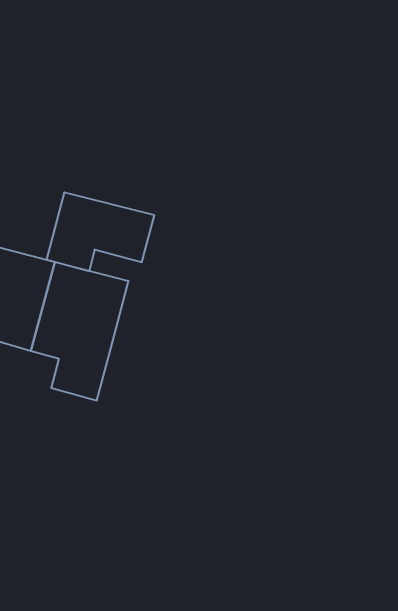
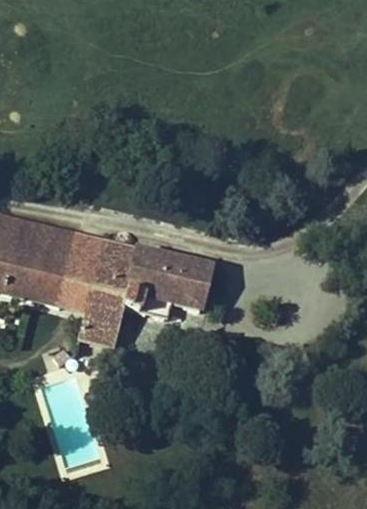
building: [46,192,154,271] -> [122,243,208,306]

